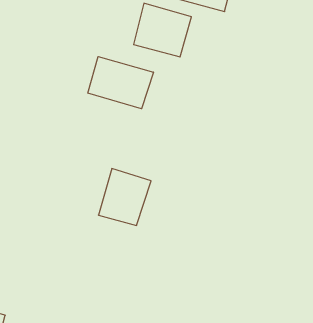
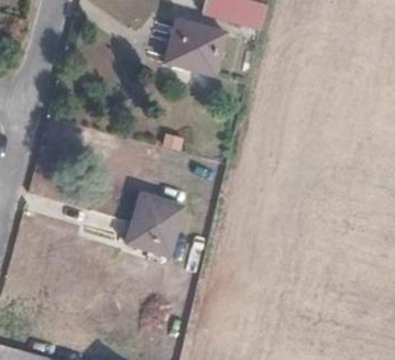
building: [88,57,153,109] -> none

